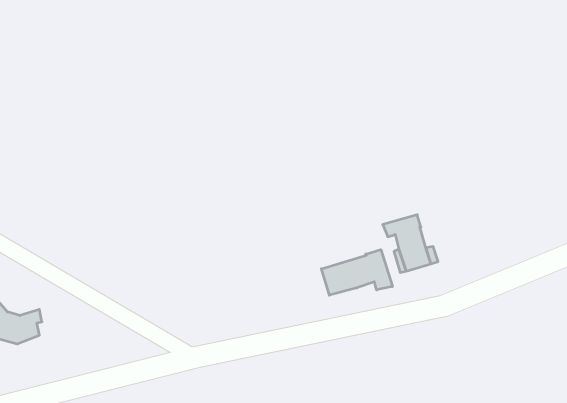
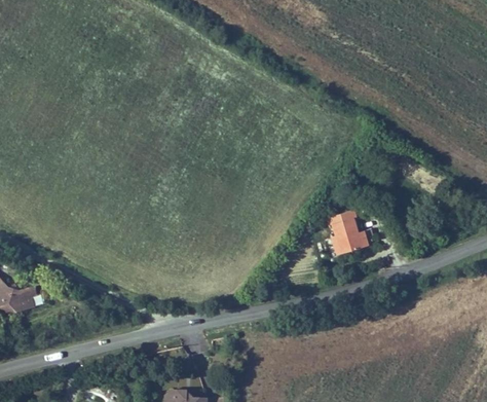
building: [321,250,392,295] -> none

